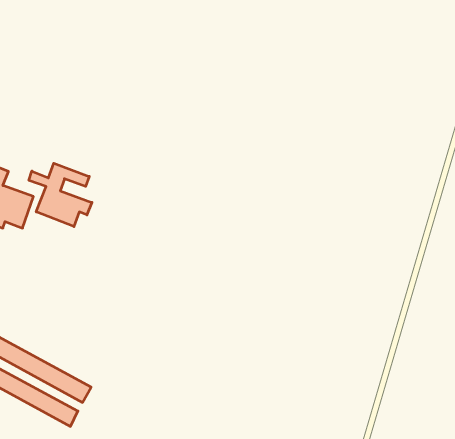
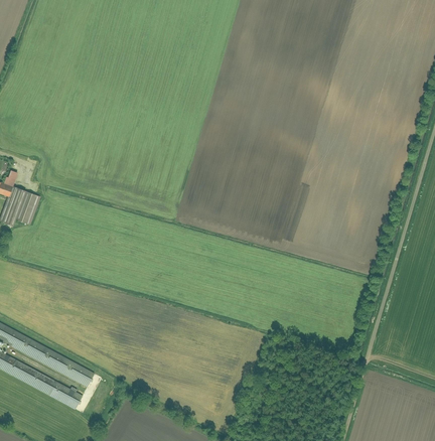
building: [29,163,92,227] -> none

